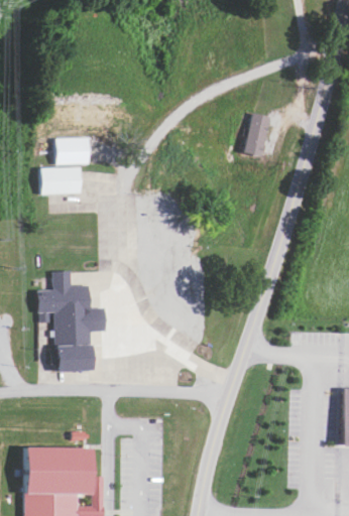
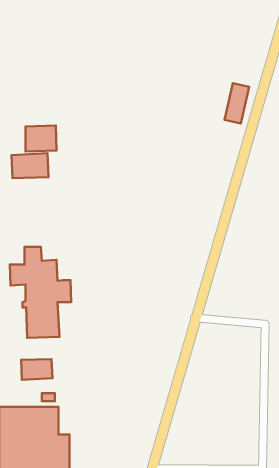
building: [241,113,268,157] -> [224,83,249,123]
building: none -> [21,359,52,380]

